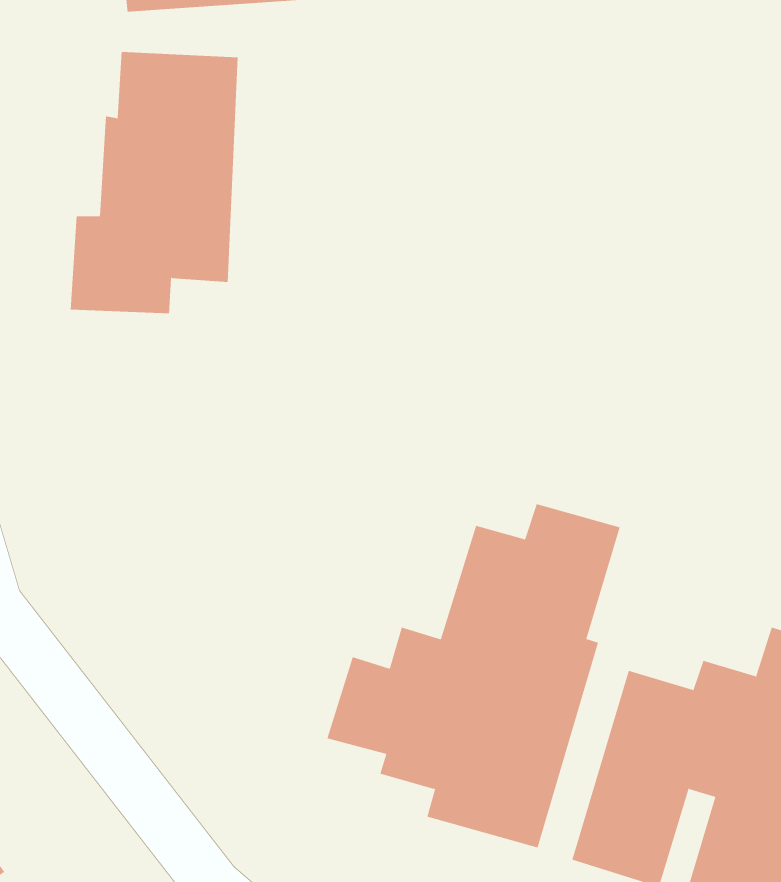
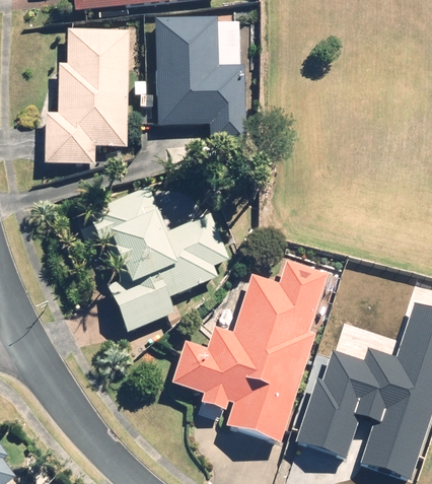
building: none -> [156,16,244,143]
building: none -> [75,185,228,329]

